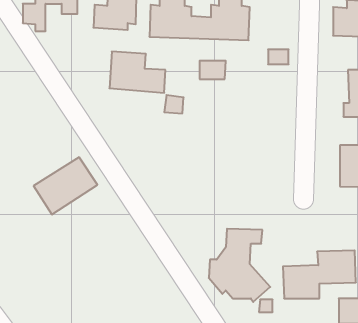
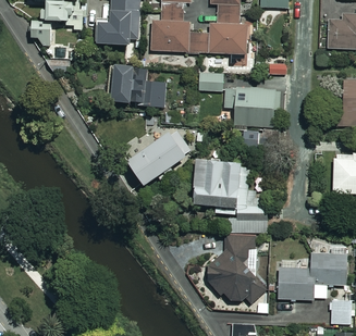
building: none -> [224,87,281,126]
building: none -> [195,158,269,233]
building: [34,157,97,214] -> [126,129,187,184]

